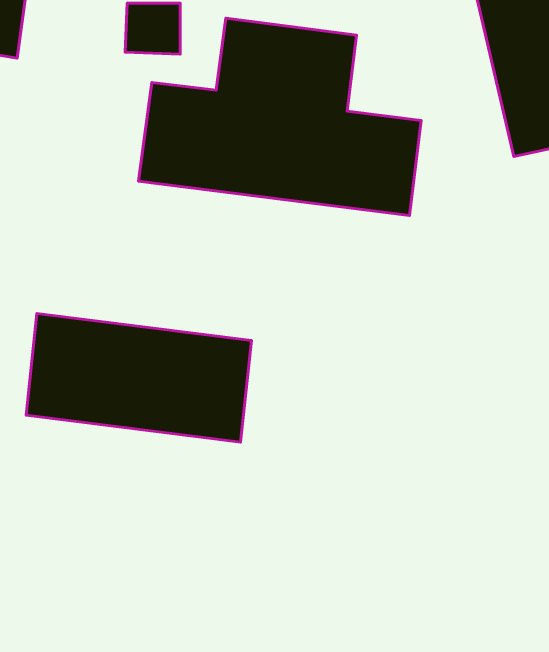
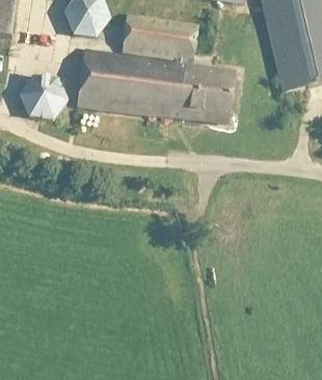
building: none -> [18,75,65,116]
building: [26,314,251,442] -> none

